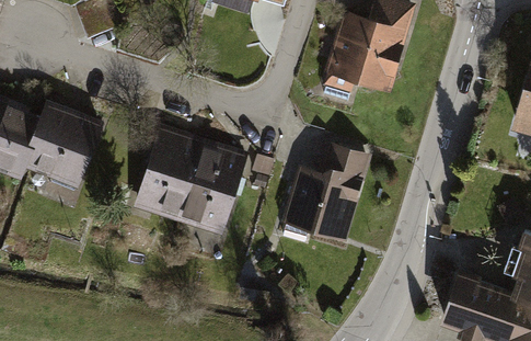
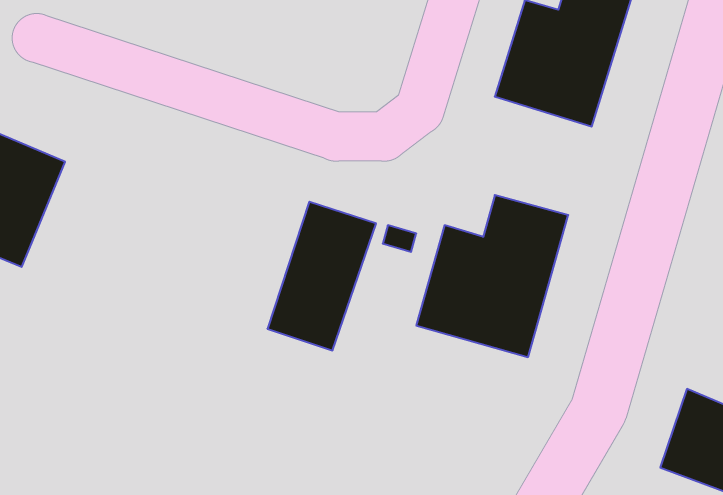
building: [23,105,108,197] -> none
building: [134,129,206,228] -> none

